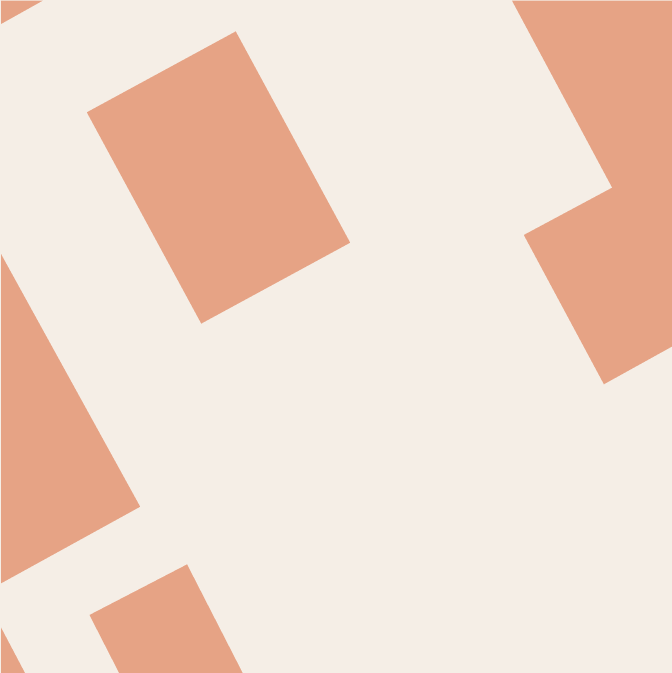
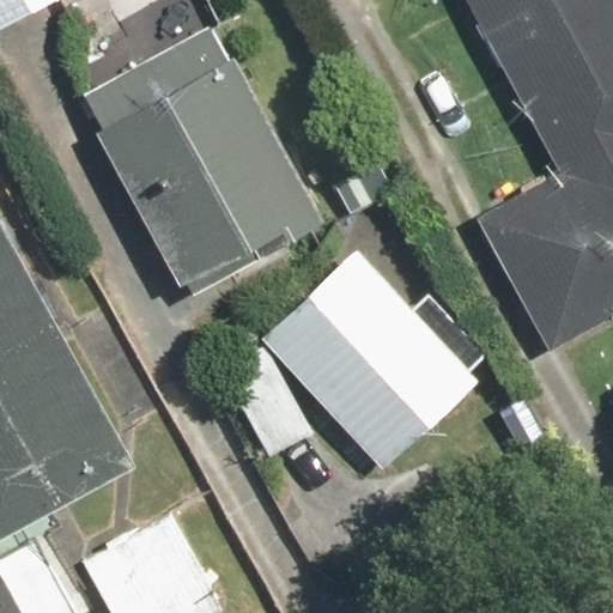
building: none -> [260,250,475,468]

